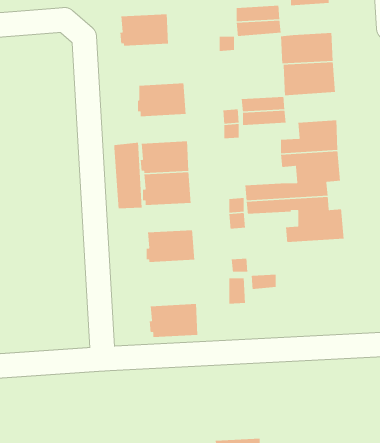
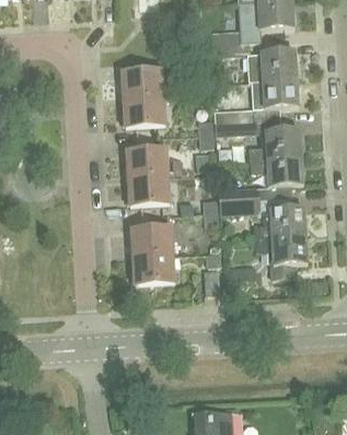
building: [119,13,169,47] -> [120,69,164,98]
building: [113,142,142,209] -> none
building: none -> [255,235,308,277]
building: [149,303,198,338] -> [131,254,175,284]

